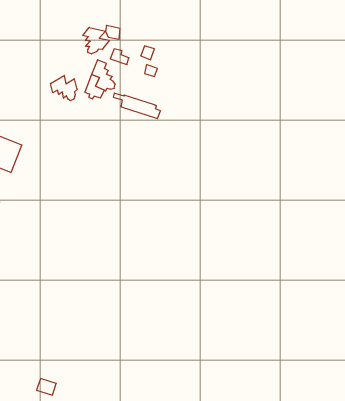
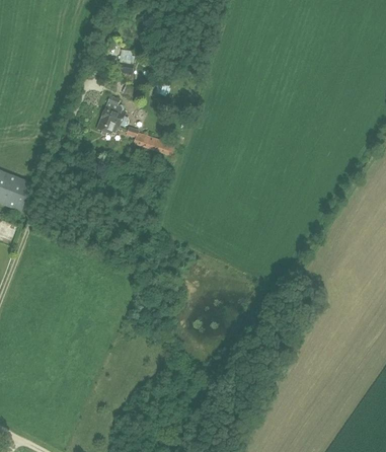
building: [83,27,109,54] -> none
building: [51,75,77,101] -> none

